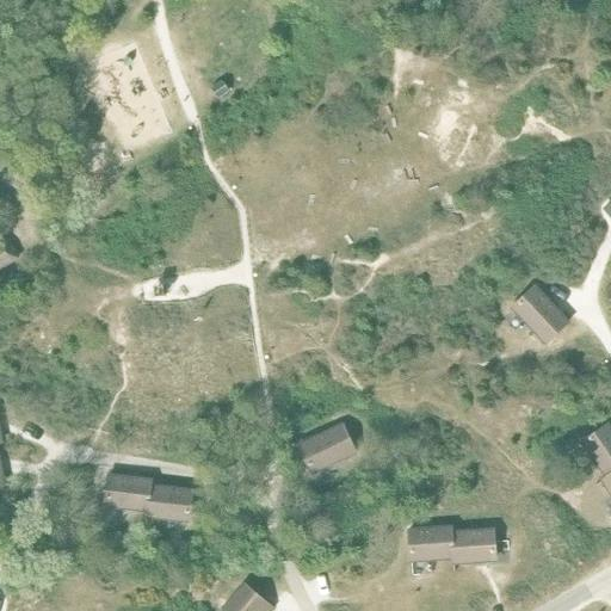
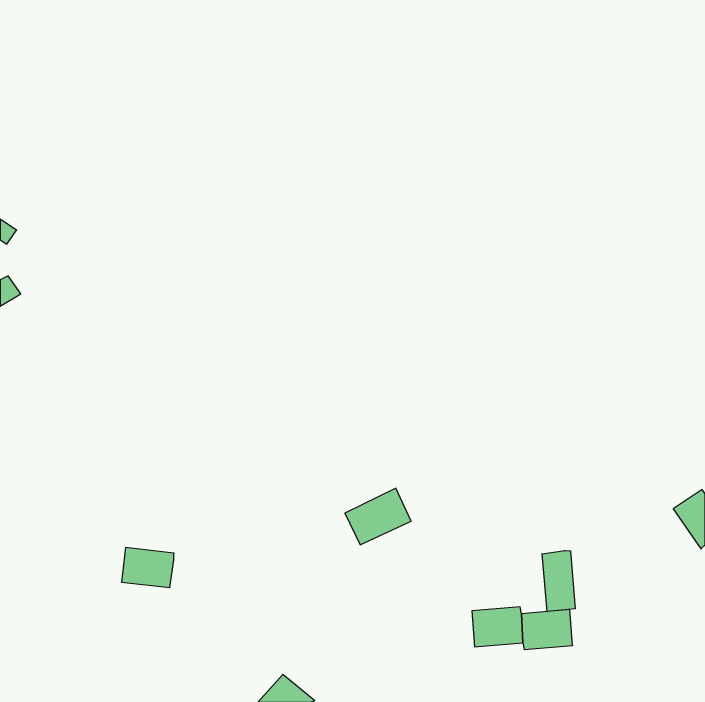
building: [512,285,568,341] -> none
building: none -> [542,550,575,612]
building: [147,485,192,519] -> none

